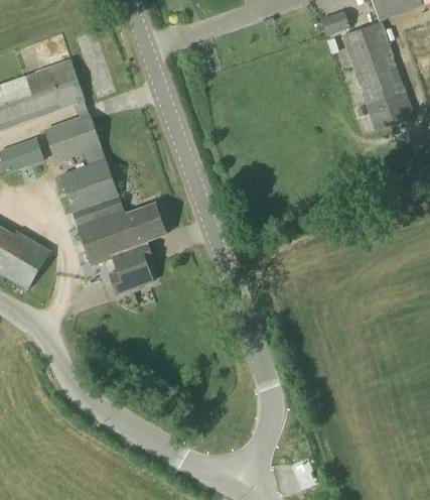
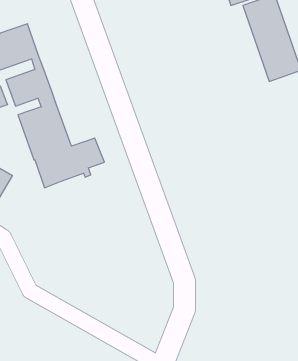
building: [109,247,152,293] -> none

